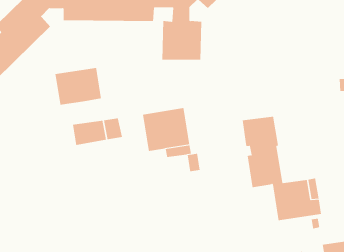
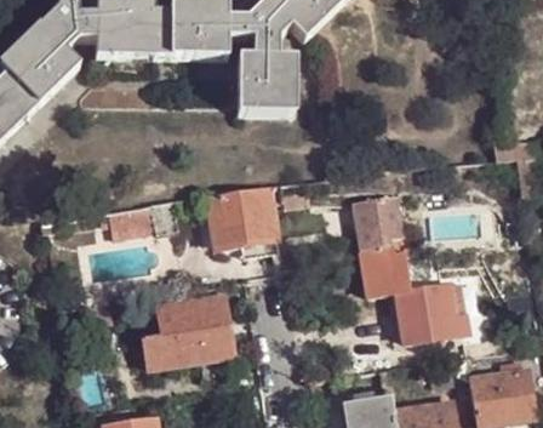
building: [55,67,102,106] -> none
building: none -> [145,292,234,366]

